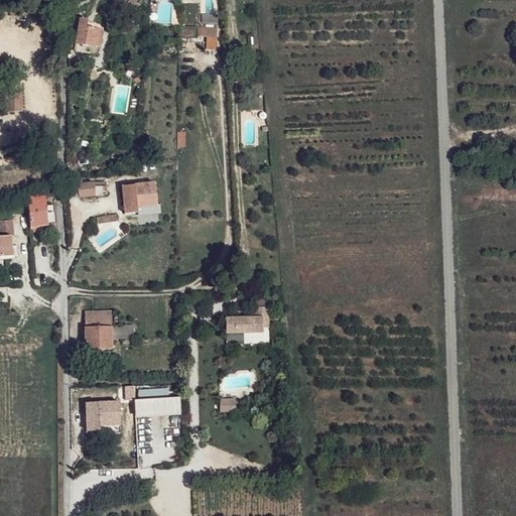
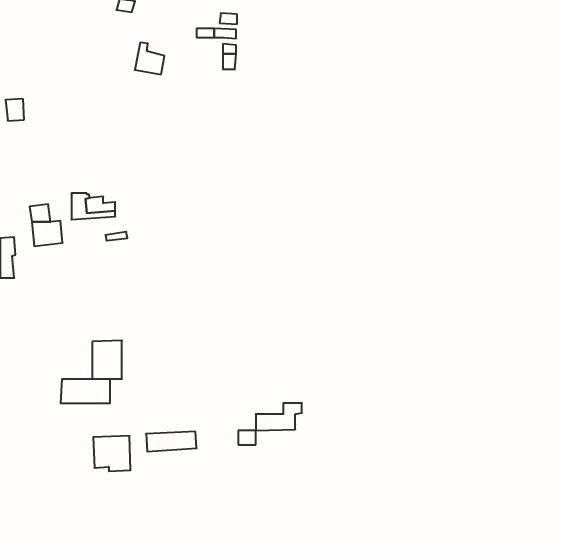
building: [76,17,103,46] -> [135,43,164,74]
building: [122,181,157,212] -> none
building: [226,306,268,332] -> [256,403,302,431]
building: none -> [61,379,110,403]

